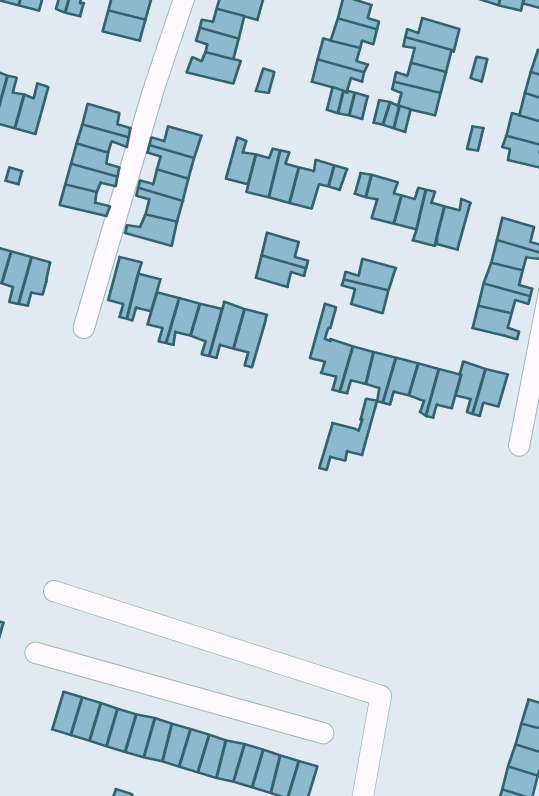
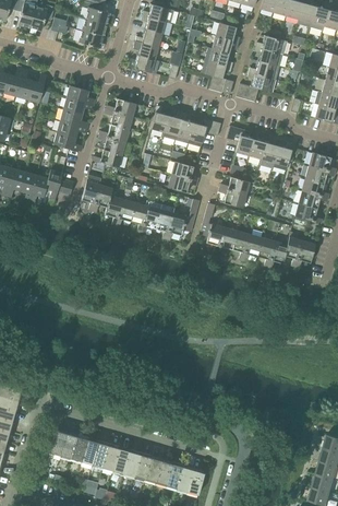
building: none -> [46,169,73,200]
building: [319,399,377,470] -> [166,199,200,240]

